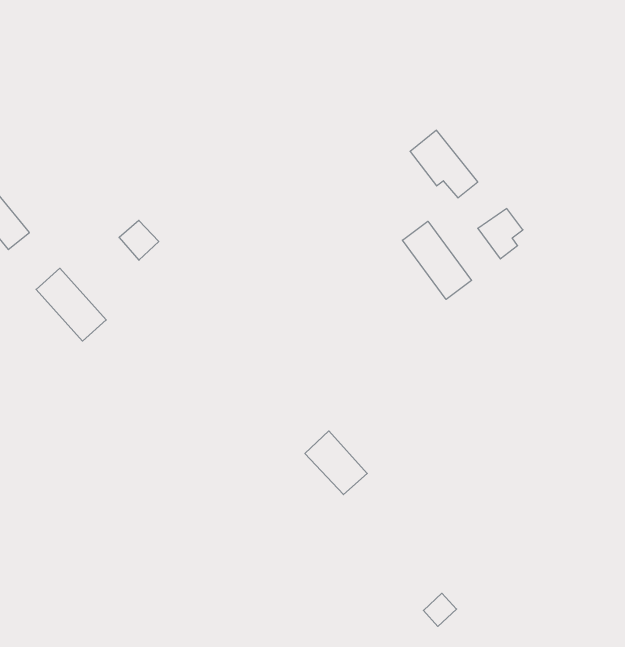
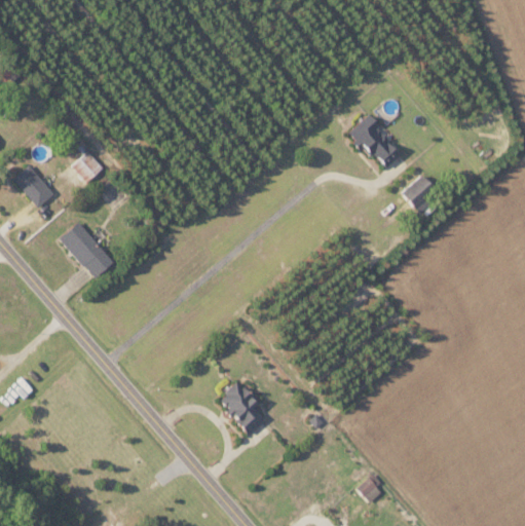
building: [119,220,159,260] -> [72,151,103,182]
building: [402,221,472,299] -> none
building: [305,431,367,495] -> [219,382,267,431]

